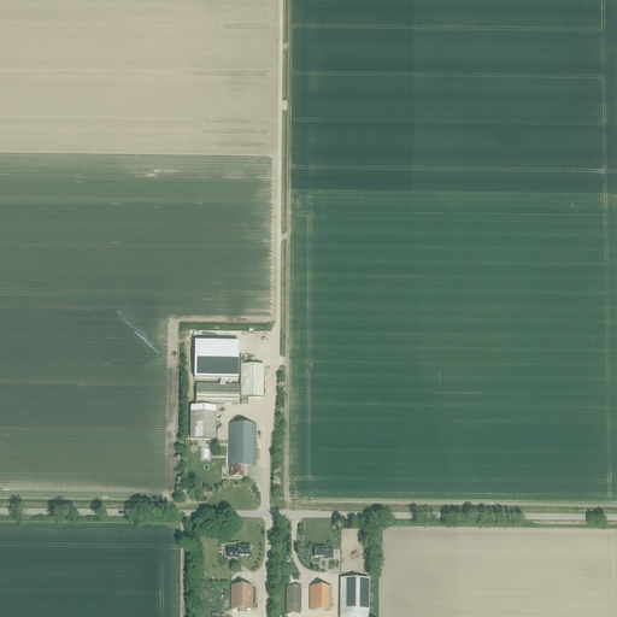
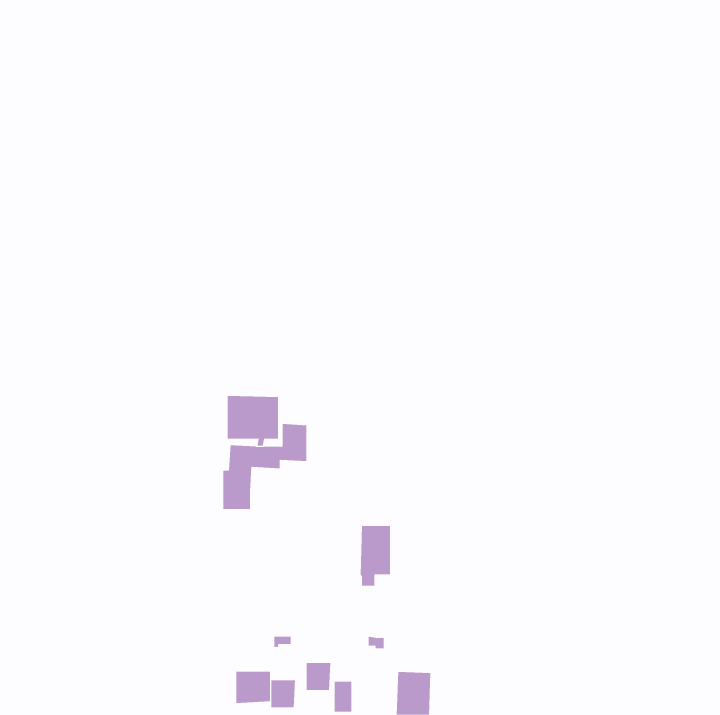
building: [229,422,255,474] -> [360,525,391,586]
building: none -> [236,671,271,704]
building: [310,583,331,607] -> [306,662,331,691]

